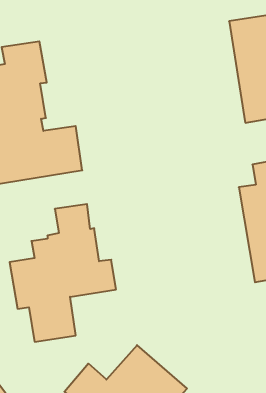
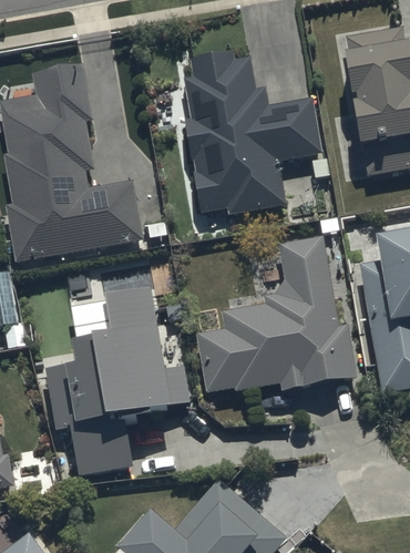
building: none -> [184,50,320,215]
building: none -> [197,235,355,393]

